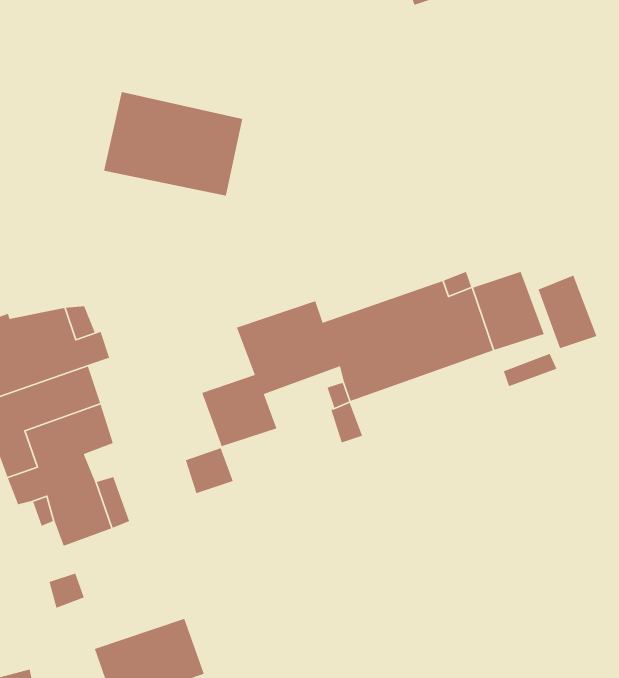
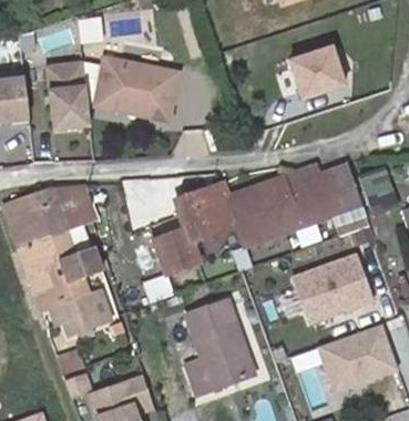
building: none -> [287,40,349,99]
building: none -> [44,61,89,130]
building: none -> [292,255,372,324]
building: none -> [185,300,254,394]
building: none -> [318,325,397,392]

